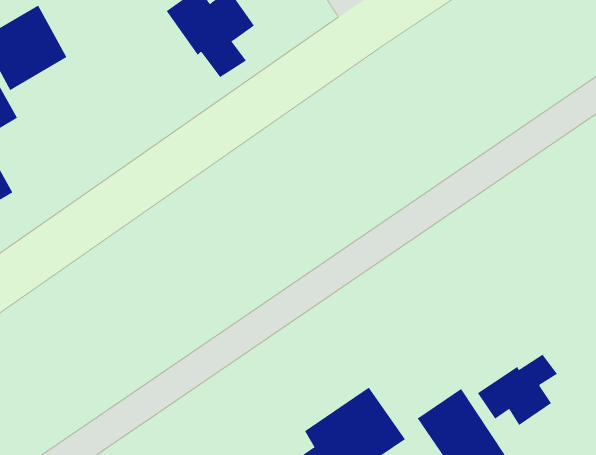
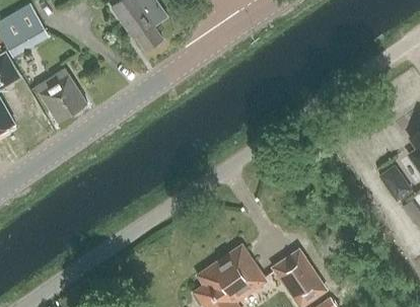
building: none -> [38,71,86,122]
building: [477,354,558,426] -> none

